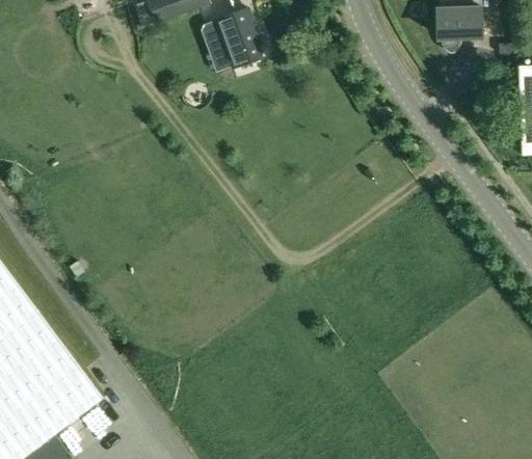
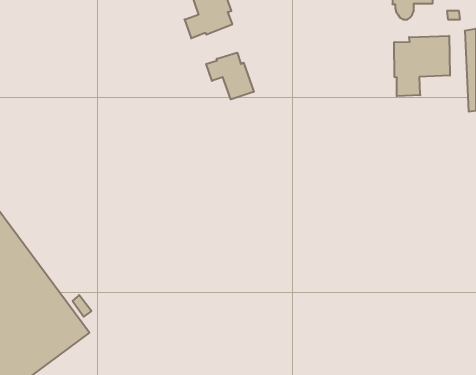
building: none -> [394,36,450,96]
building: none -> [206,53,254,99]

